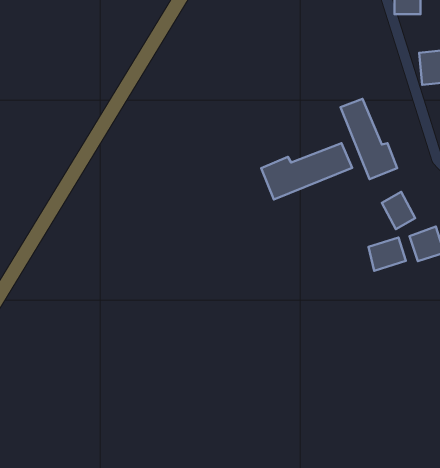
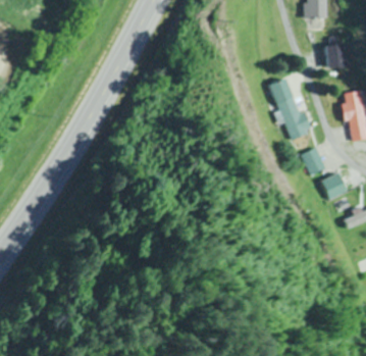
building: [261,143,352,200] -> none
building: [368,238,406,271] -> none

